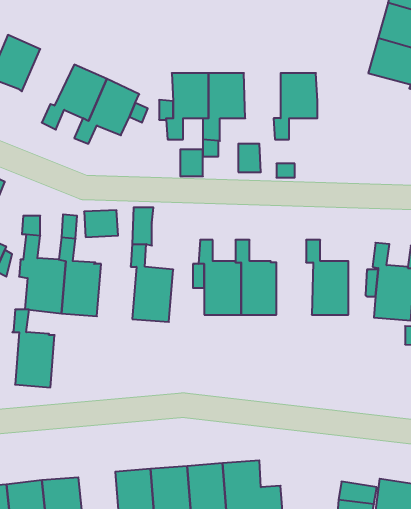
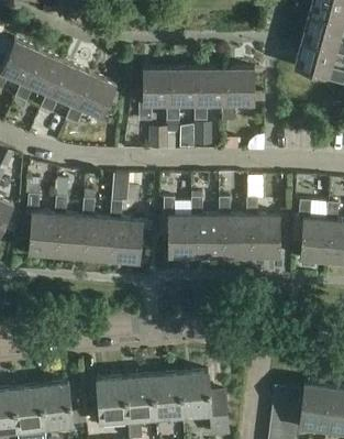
building: none -> [15,51,66,101]
building: none -> [193,69,226,121]
building: none -> [219,199,252,257]
building: [12,310,55,387] -> [81,200,114,261]

